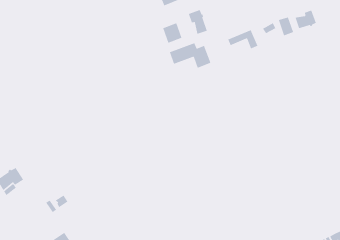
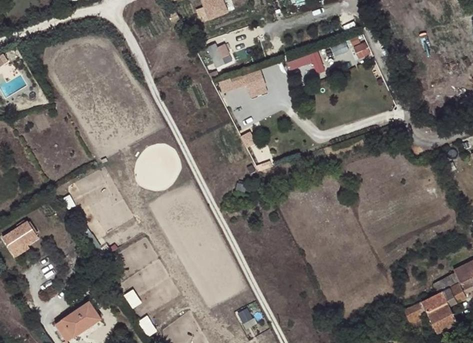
building: [188,9,208,35] -> none
building: [295,9,317,29] -> none

